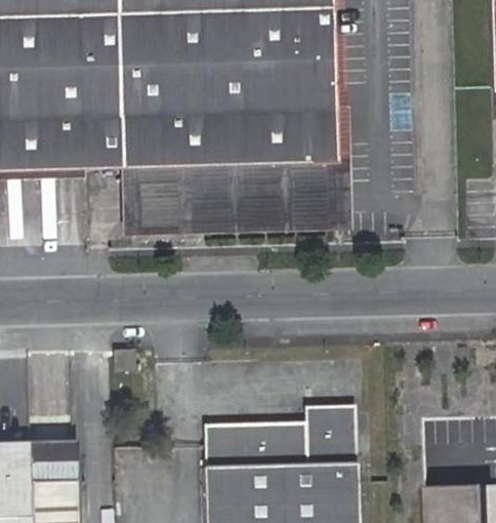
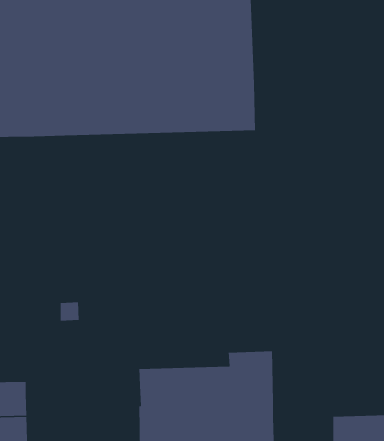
building: [120,104,353,233] -> none

